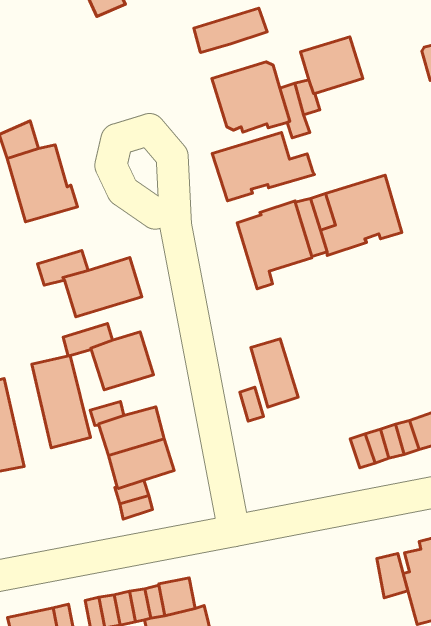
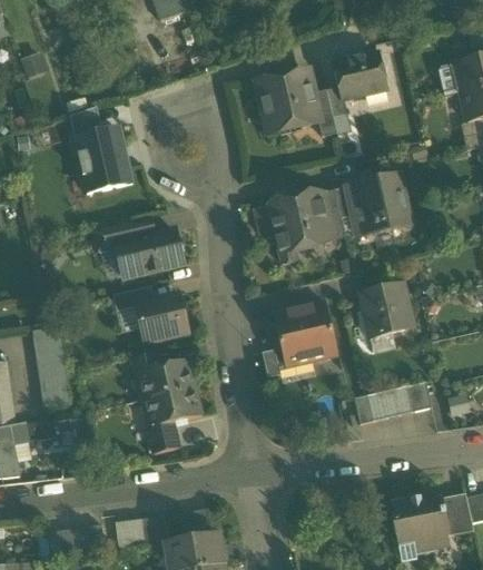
building: [194,8,267,53] -> none
building: [212,133,315,201] -> none
building: none -> [361,284,414,337]
building: none -> [299,302,337,360]
building: [32,356,90,448] -> none
building: [377,553,408,598] -> none

